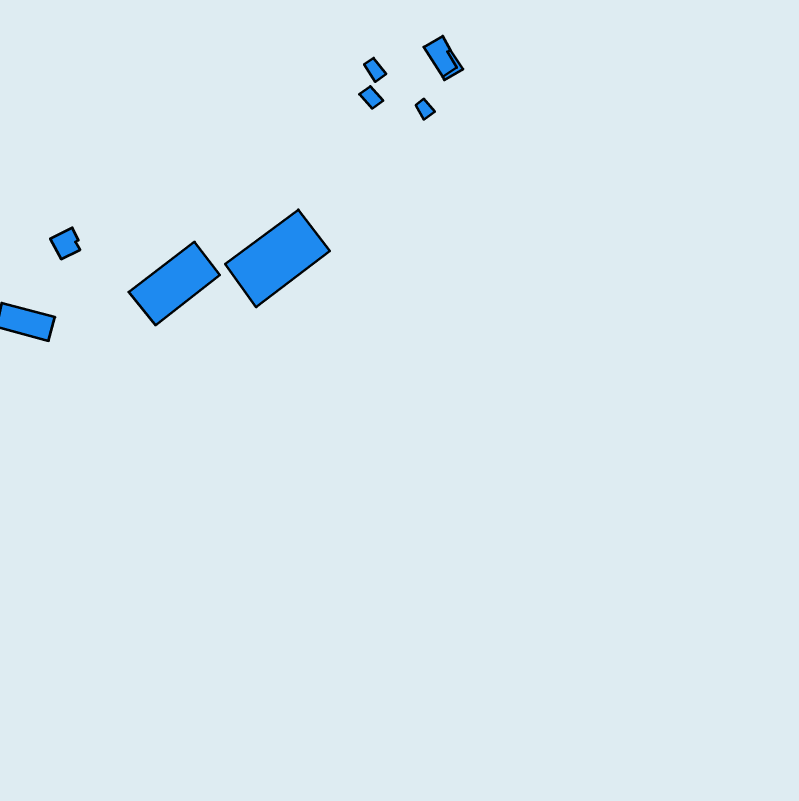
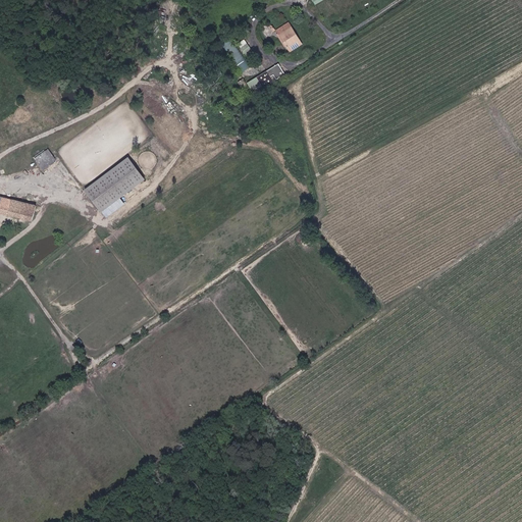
building: [225,210,330,307] -> none

